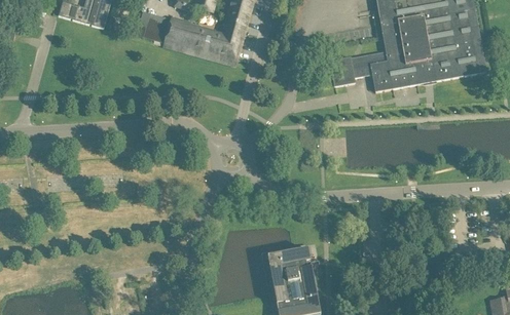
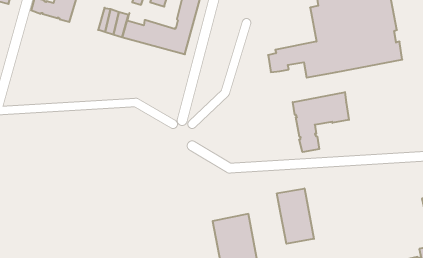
building: none -> [293,92,349,152]
building: none -> [277,188,314,244]

